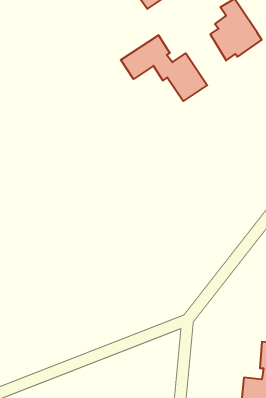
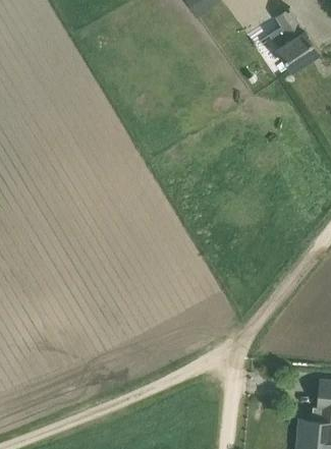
building: [121,35,207,101] -> none

